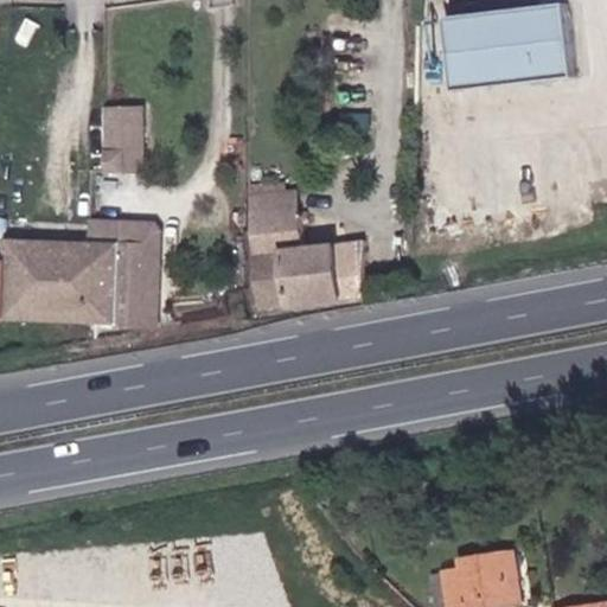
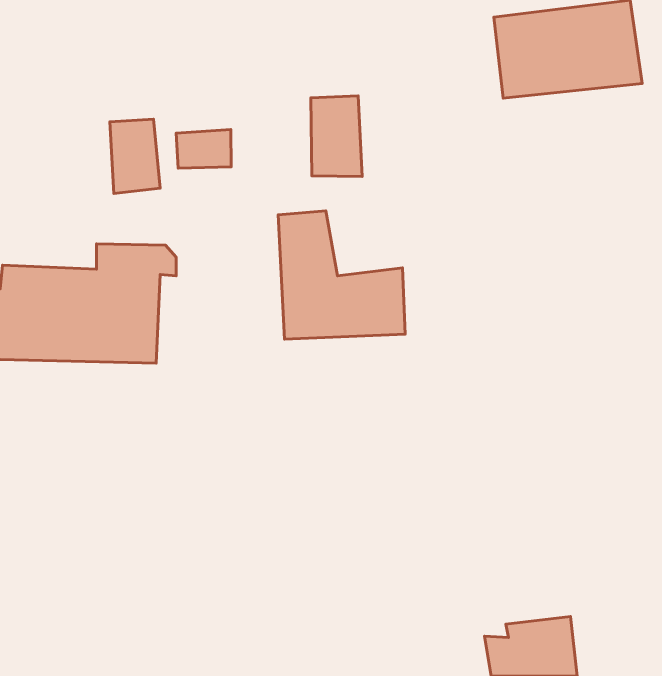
building: none -> [311,96,362,176]
building: none -> [176,130,231,168]

